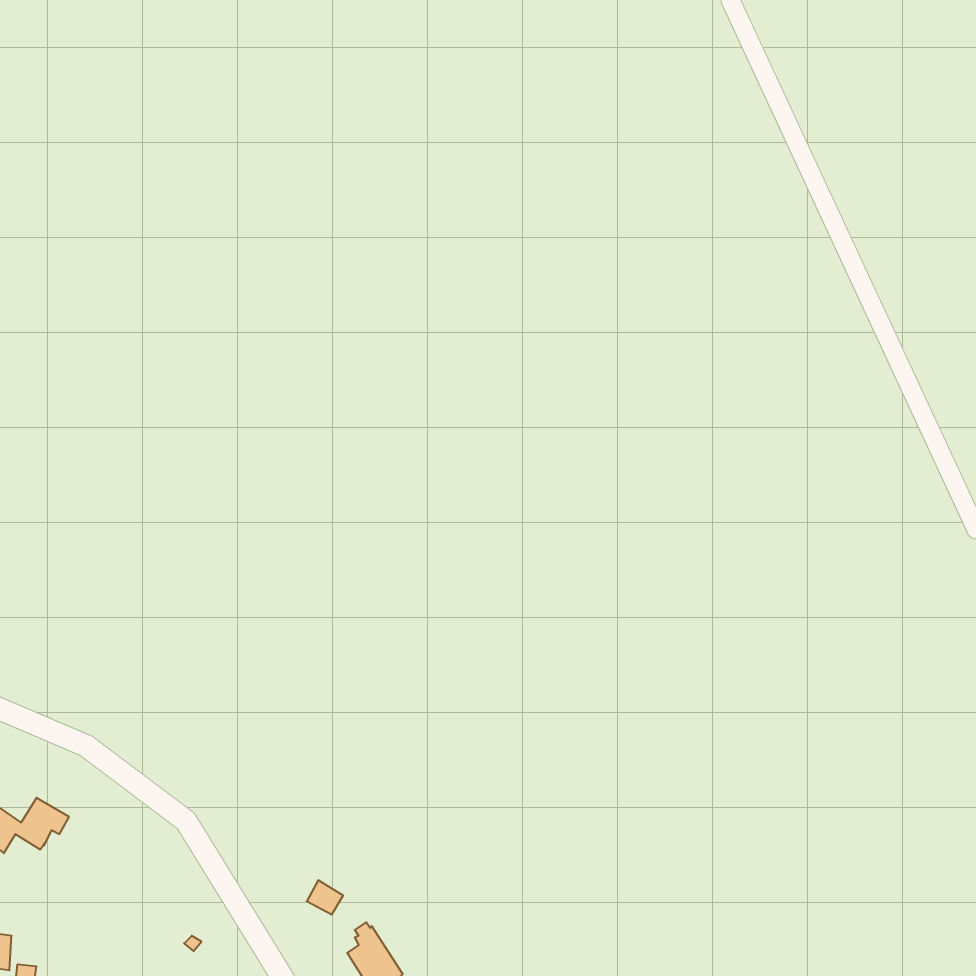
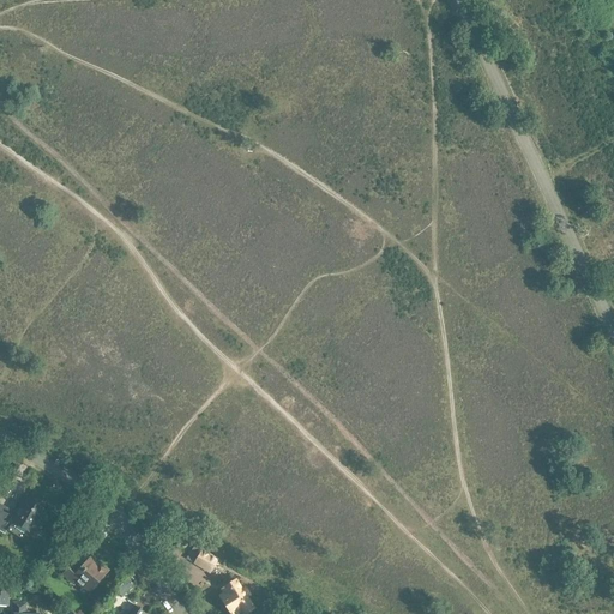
building: none -> [60,560,106,595]

